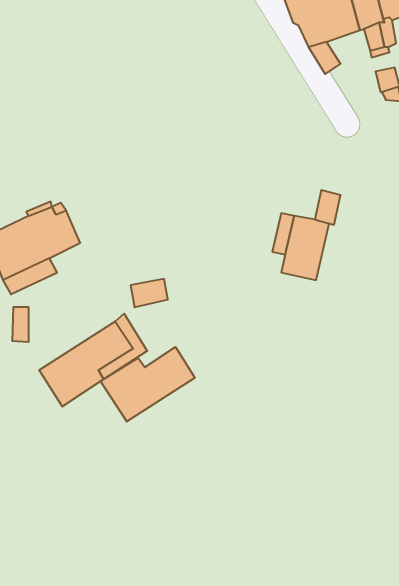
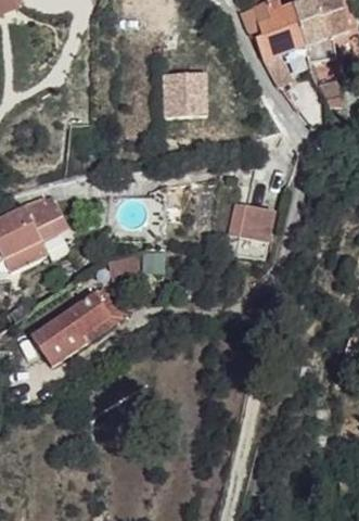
building: none -> [158,72,204,116]
building: [101,347,195,422] -> none

